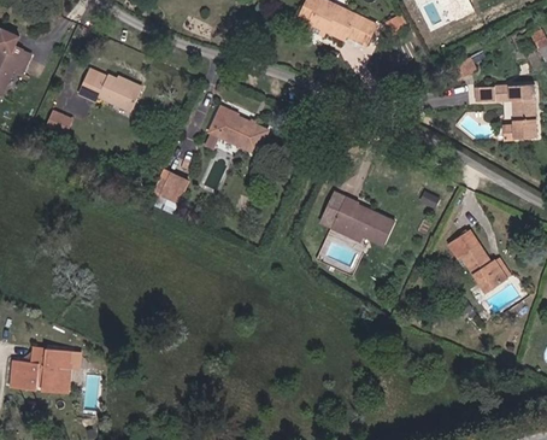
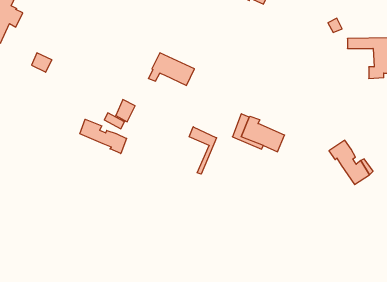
building: [80,70,142,110] -> none
building: none -> [80,119,127,154]
building: none -> [189,127,217,174]
building: [17,347,72,388] -> none

